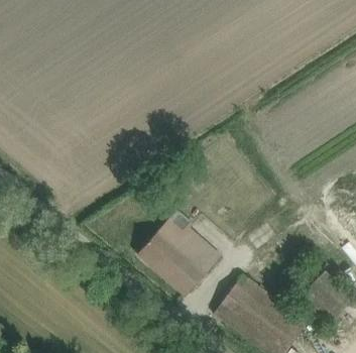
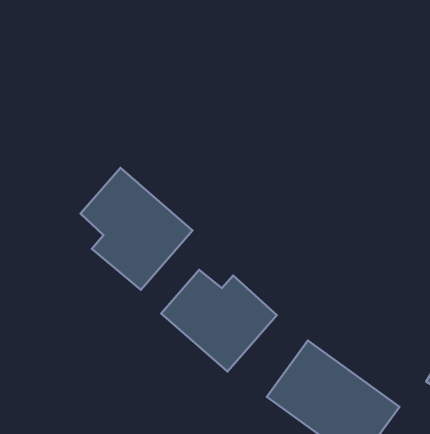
building: none -> [80,168,192,290]

